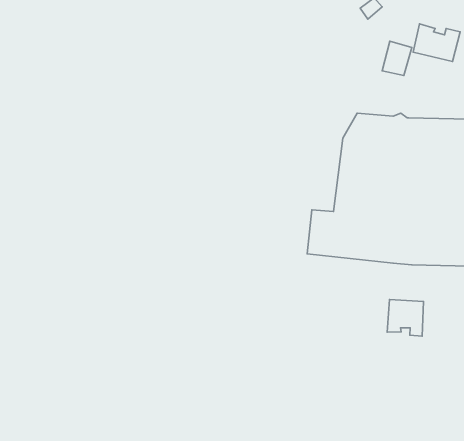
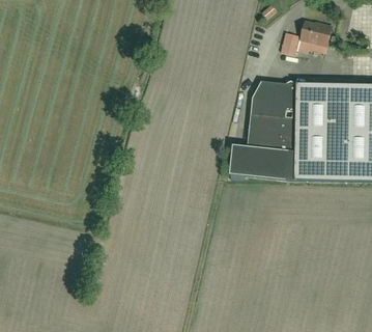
building: [387,300,423,336] -> none

